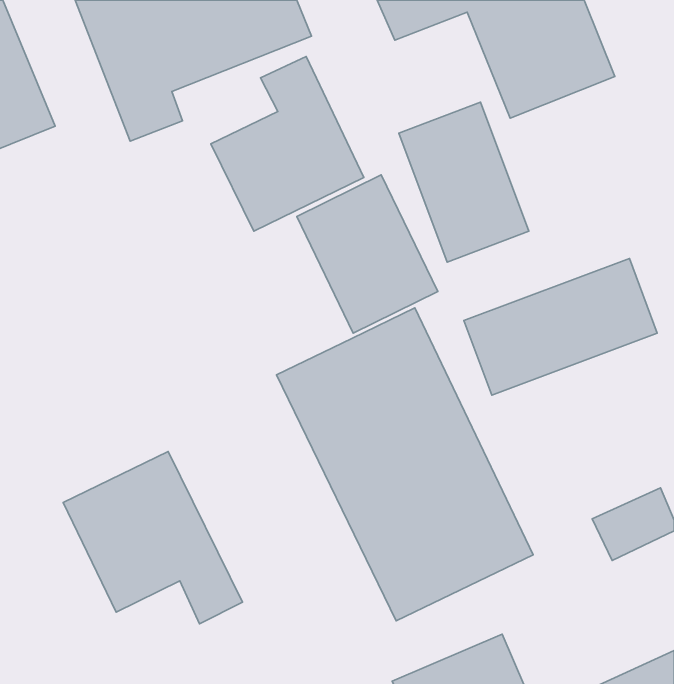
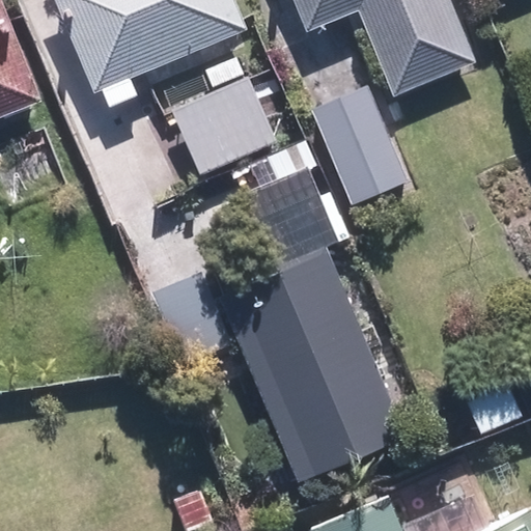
building: [464,258,657,395] -> none
building: [63,451,242,624] -> none

